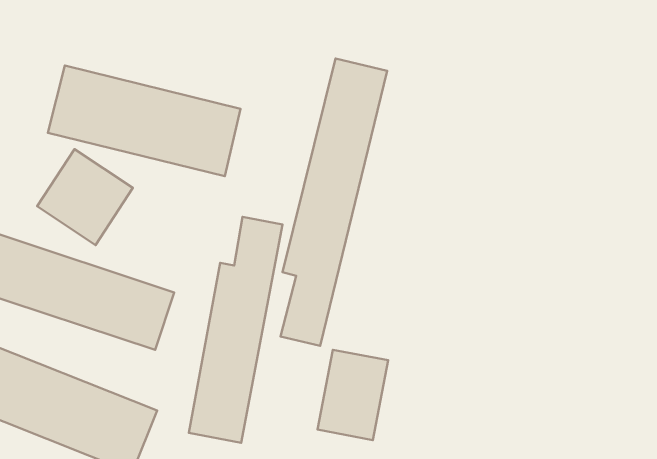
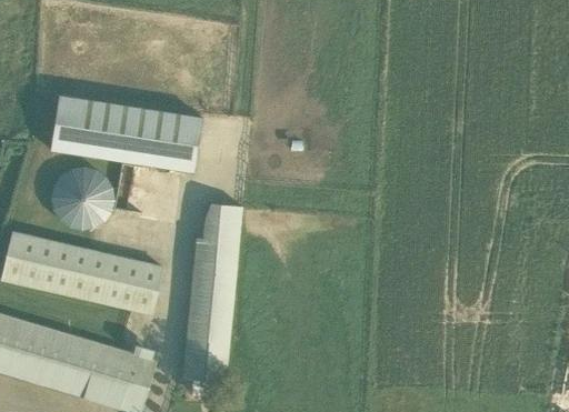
building: [280,58,387,346] -> none
building: [317,350,388,440] -> none

